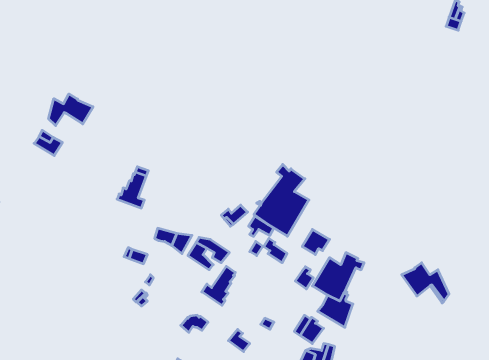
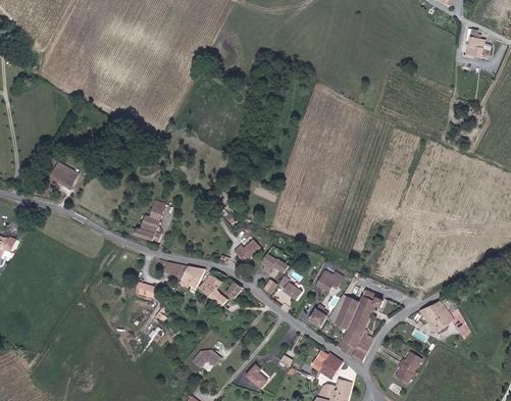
building: [49,94,93,126] -> none
building: [254,164,309,236] -> none
building: [202,266,235,305] -> none
building: none -> [393,351,419,383]

